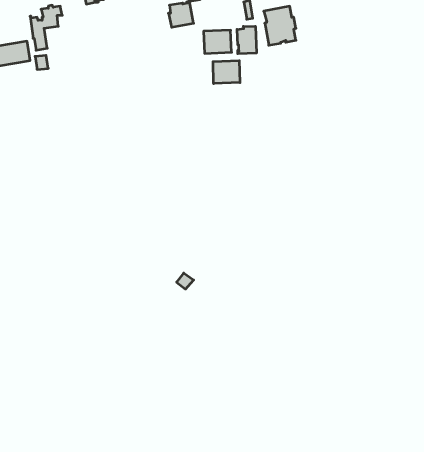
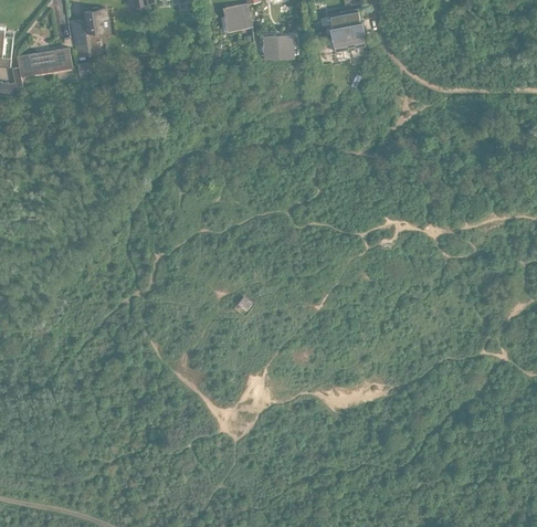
building: [237,26,256,54] -> none
building: [213,61,240,84] -> none

